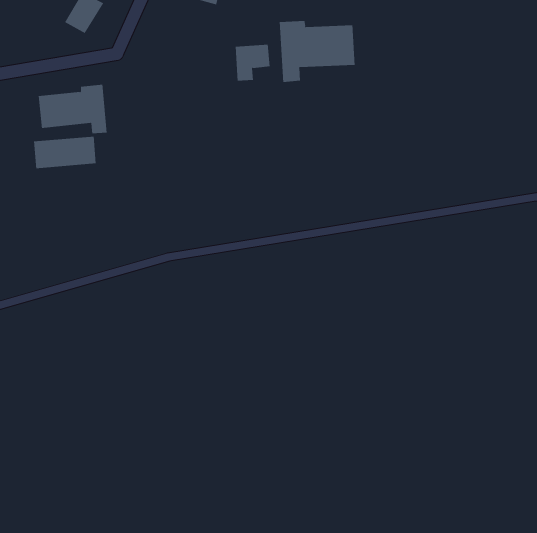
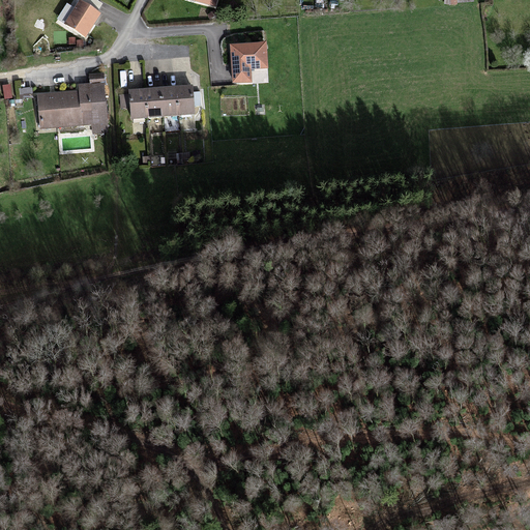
building: [279,20,355,83] -> none
building: [33,136,96,169] -> [129,86,192,118]

